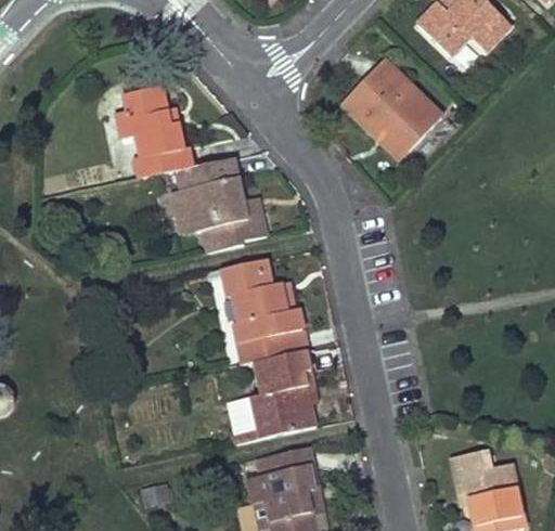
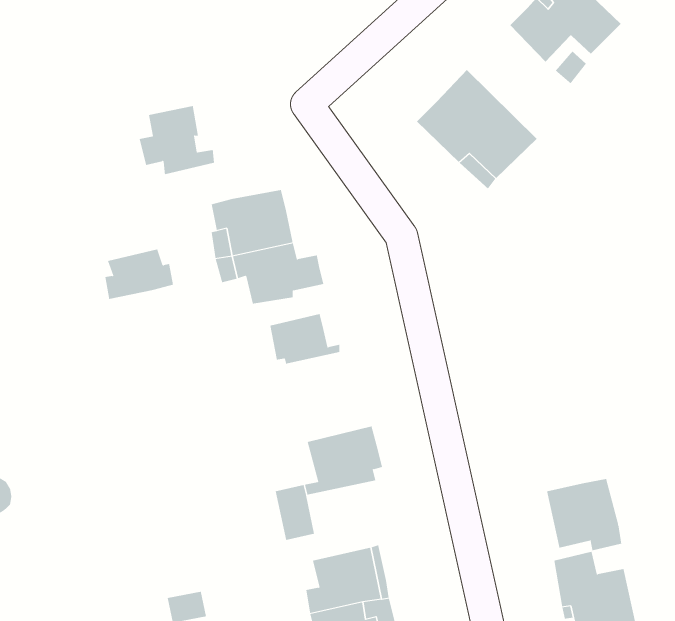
building: [135,134,192,176] -> [105,249,174,300]
building: [235,288,307,362] -> none
building: none -> [546,478,622,551]
building: [254,392,318,436] -> none

